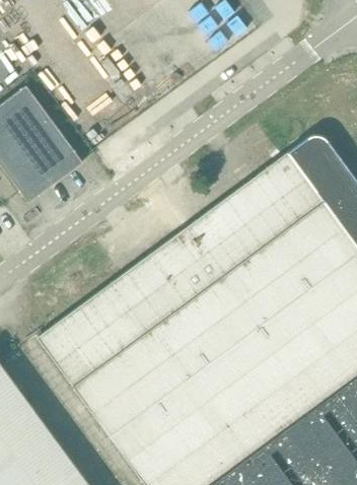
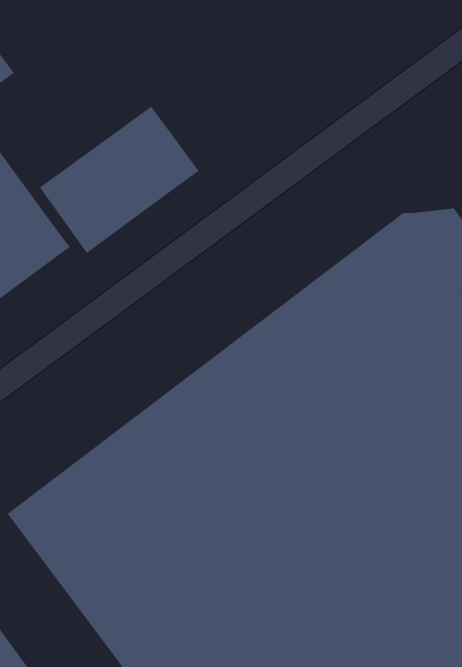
building: none -> [39,106,199,254]

